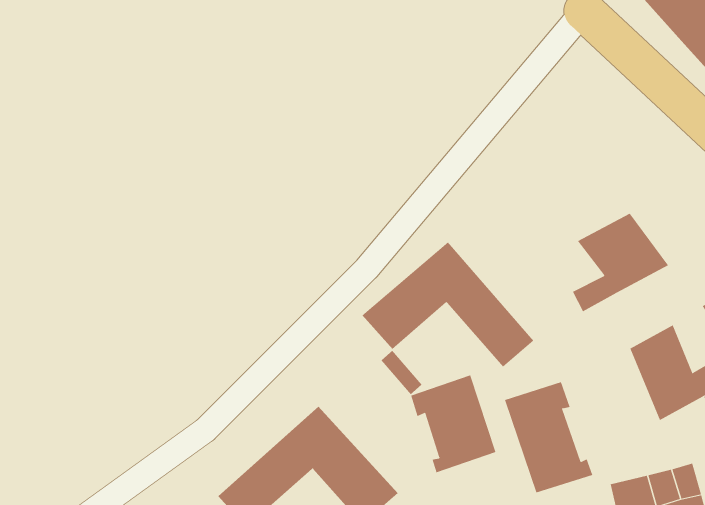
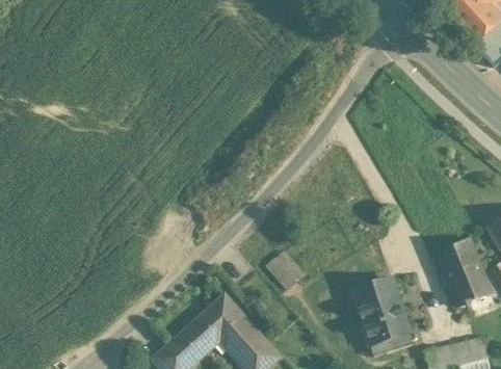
building: [572,213,669,312] -> none
building: [361,242,534,368] -> none
building: [411,374,496,473] -> none

